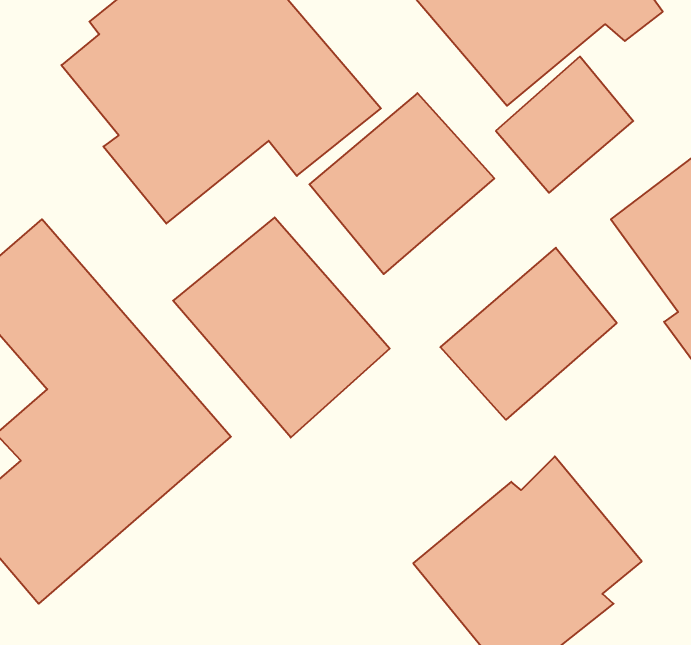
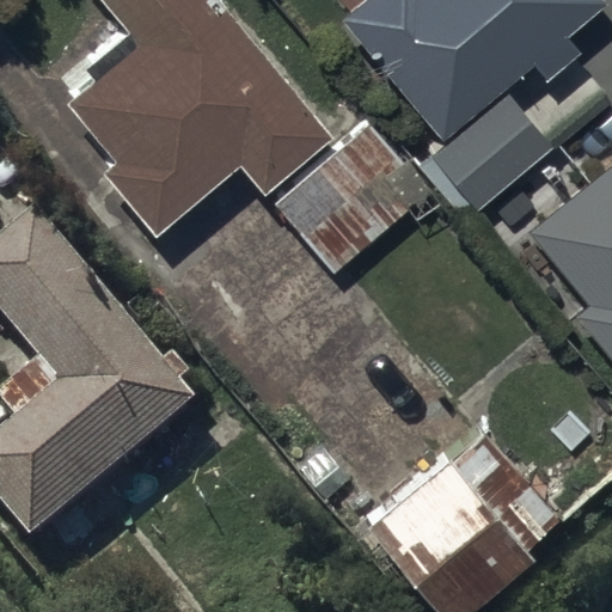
building: [173,217,390,438] -> none
building: [440,248,617,420] -> none

